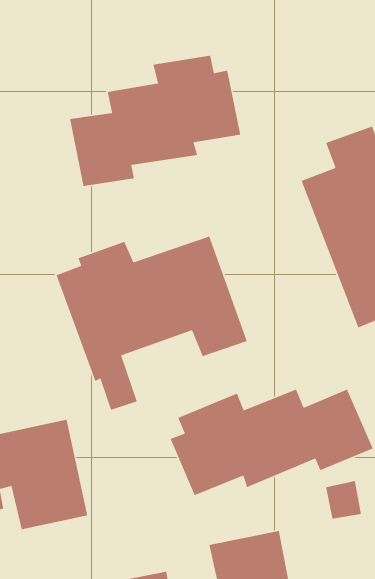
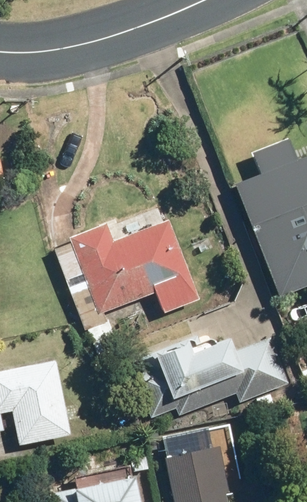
building: [69,55,241,187] -> none

